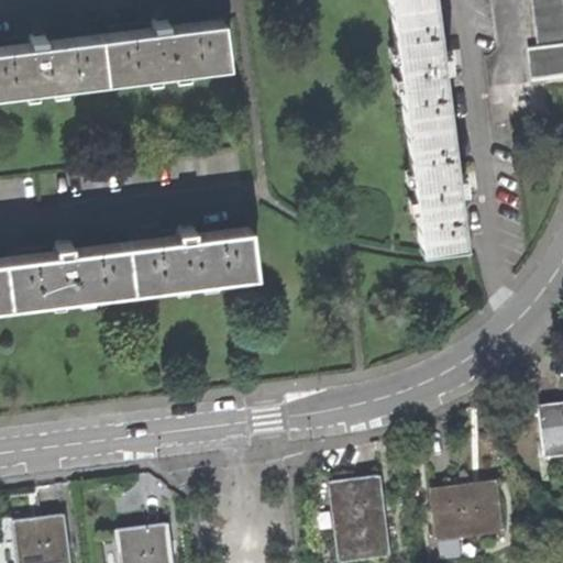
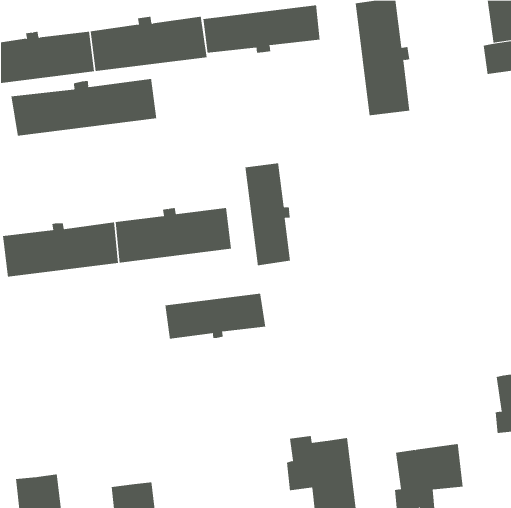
building: none -> [203,4,320,53]
building: none -> [11,78,157,136]
building: [407,129,468,257] -> none
building: none -> [245,162,291,266]
building: none -> [165,293,266,339]

